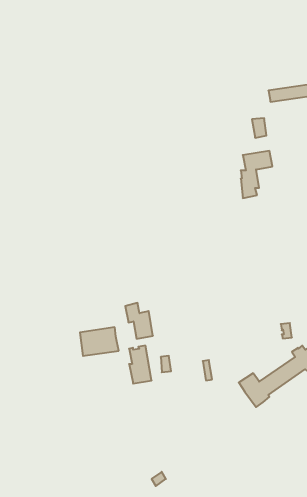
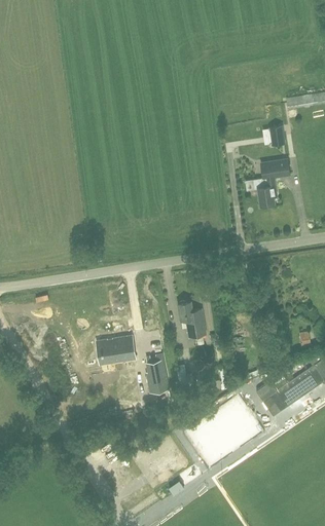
building: [125,303,153,339] -> [178,300,206,336]

